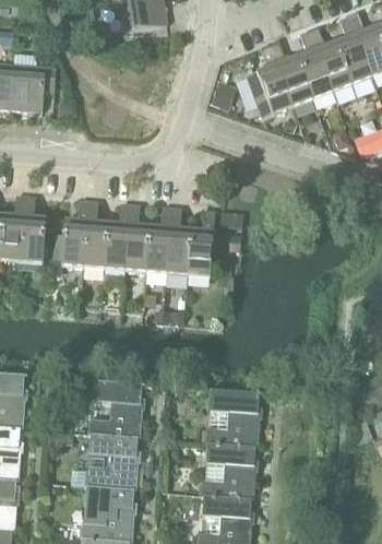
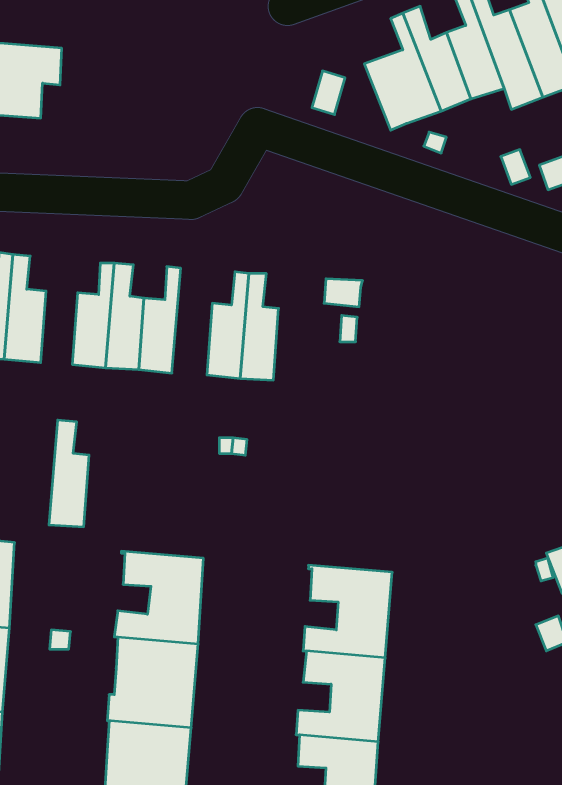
building: [123,204,148,271] -> [49,420,89,527]
building: [187,210,216,276] -> none

